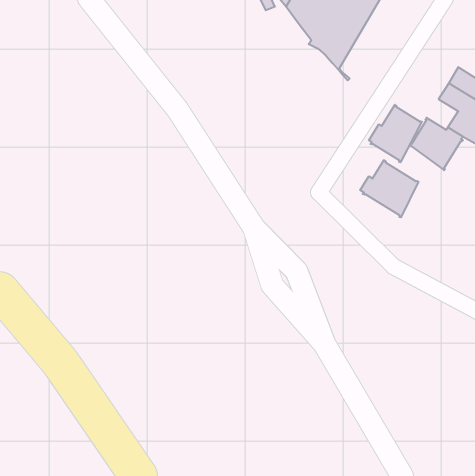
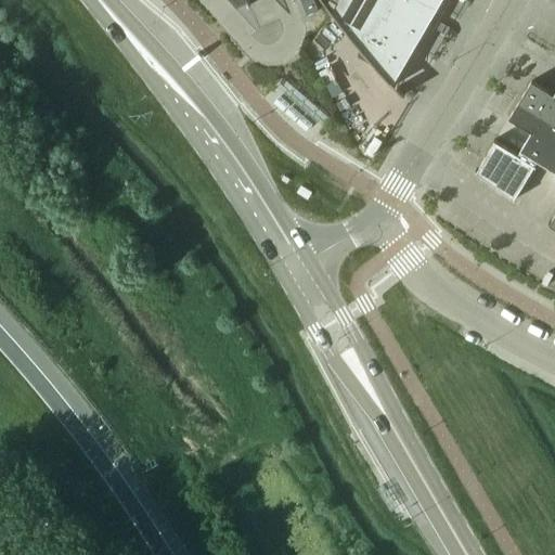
building: [369,105,422,162] -> none
building: [360,160,418,217] -> none

